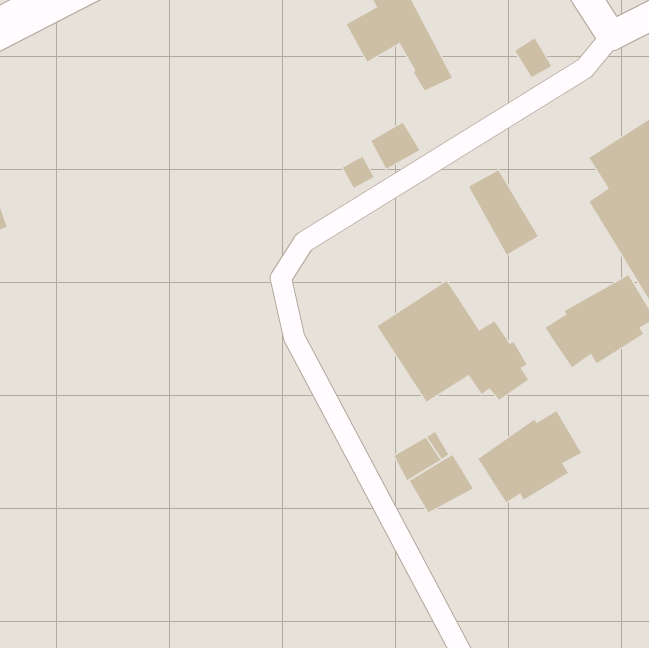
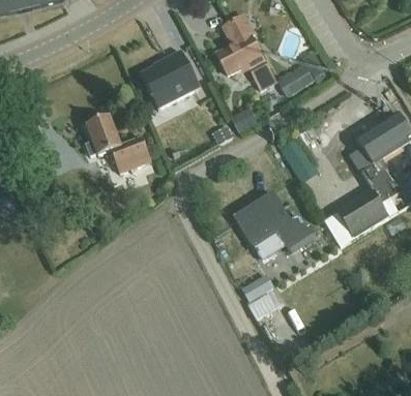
building: none -> [140,49,199,108]
building: none -> [277,63,312,94]
building: none -> [85,115,151,173]
building: [477,410,582,503] -> none

